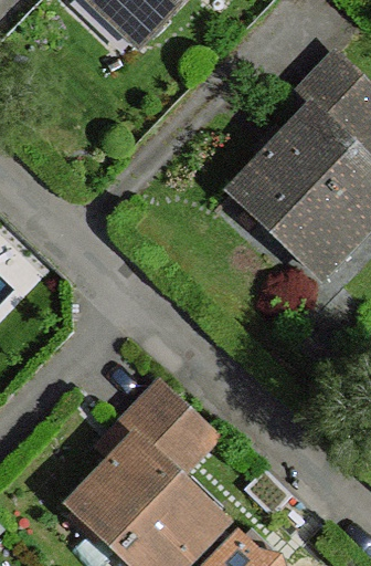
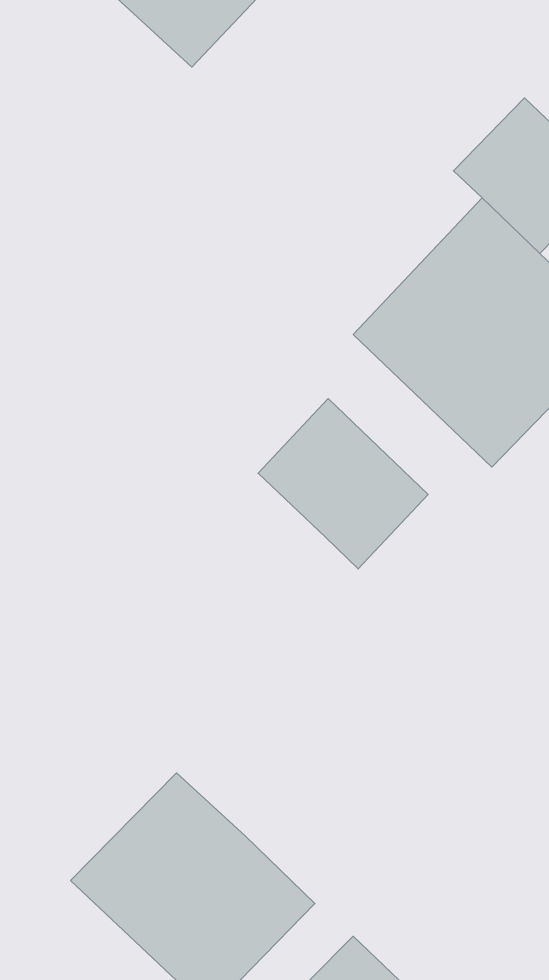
building: none -> [258,399,428,569]
building: [118,387,213,482] -> none

